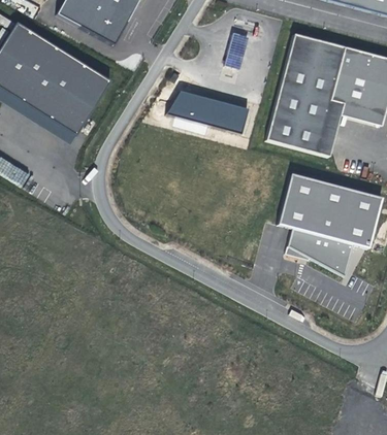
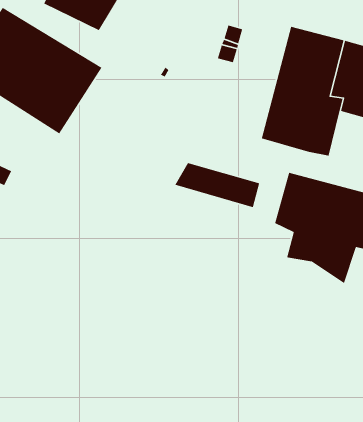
building: [168,91,249,134] -> [174,162,260,208]

